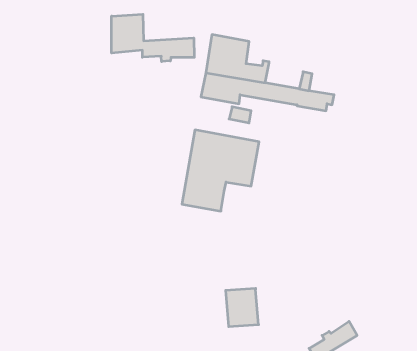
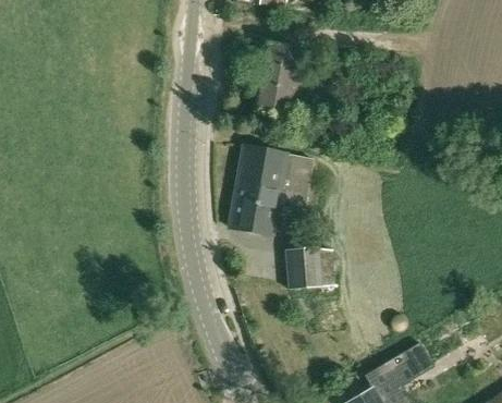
building: [112,14,194,62] -> none
building: [226,288,259,327] -> [285,246,321,288]

